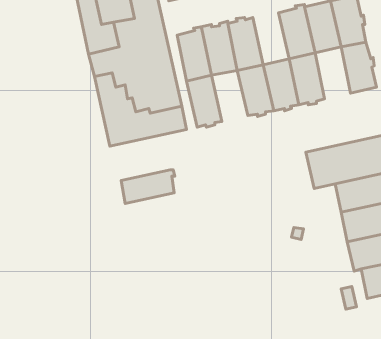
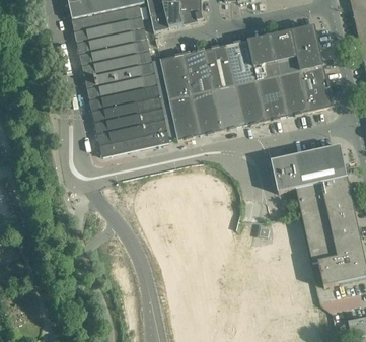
building: none -> [225,40,257,85]
building: none -> [279,70,309,115]
building: none -> [190,90,221,134]
building: [121,170,175,203] -> none

